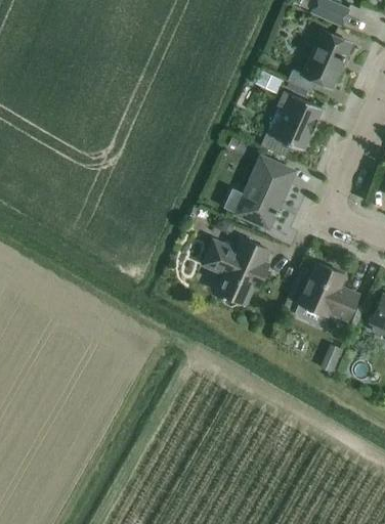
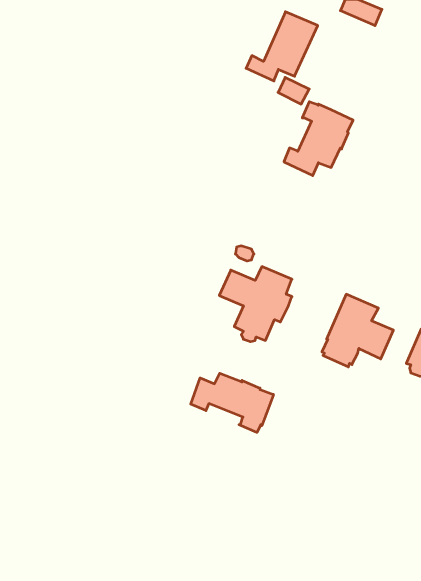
building: [288,30,351,91] -> [246,12,318,81]
building: [225,156,294,227] -> none
building: none -> [191,373,273,432]

